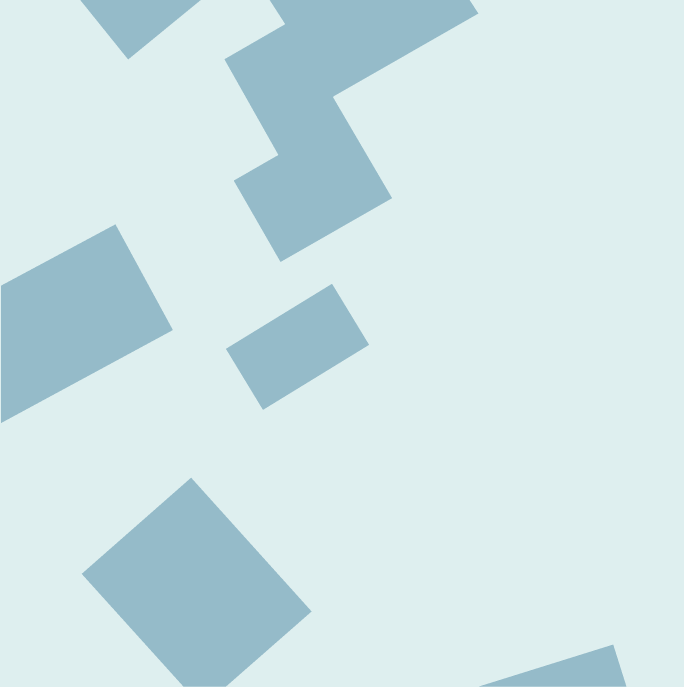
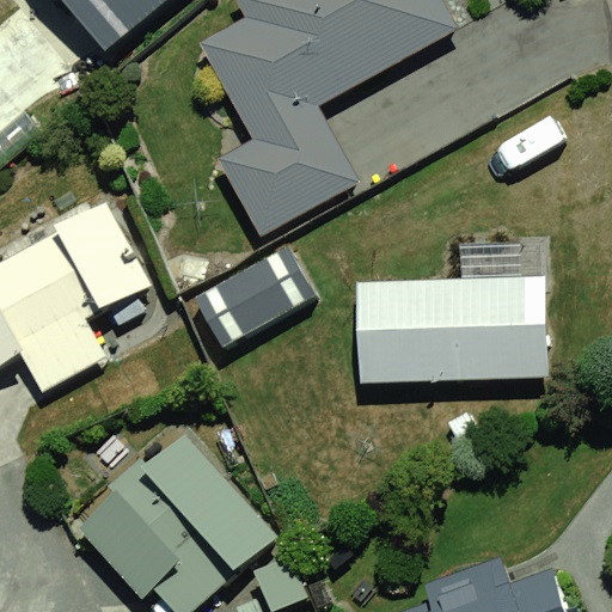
building: none -> [351,270,553,386]

